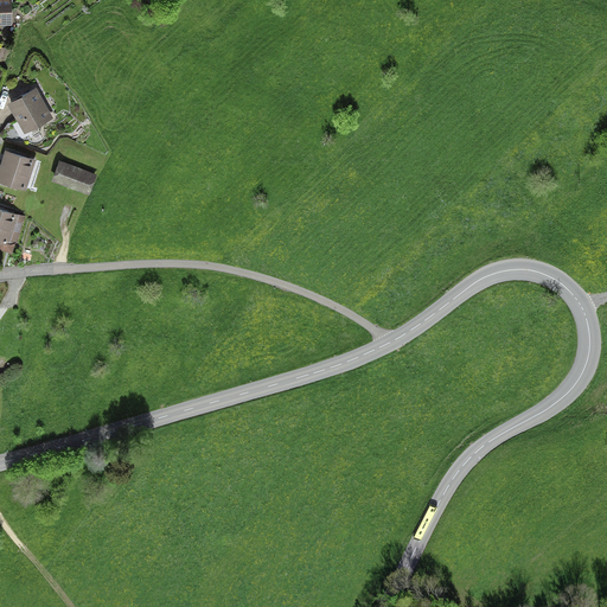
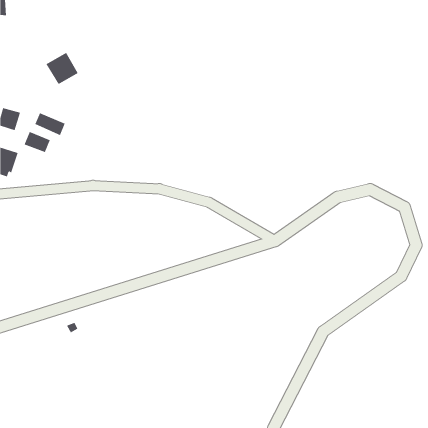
building: [6,87,52,133] -> [46,52,78,85]
building: none -> [24,131,50,153]

